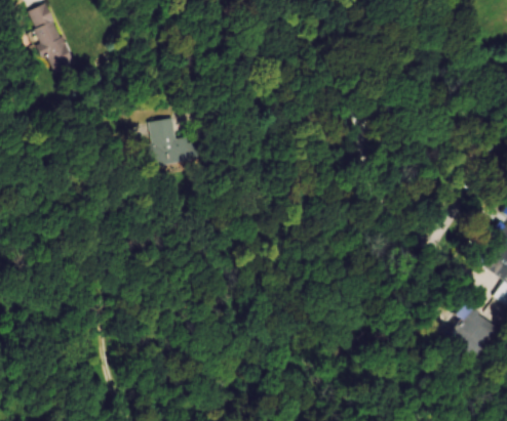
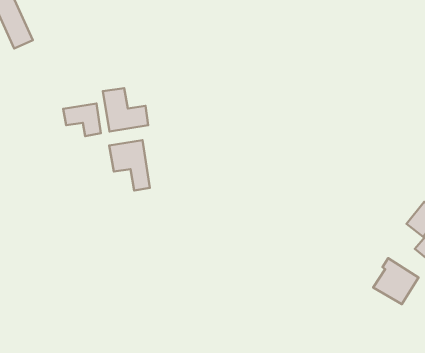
building: none -> [63,104,101,136]
building: none -> [109,140,150,191]

